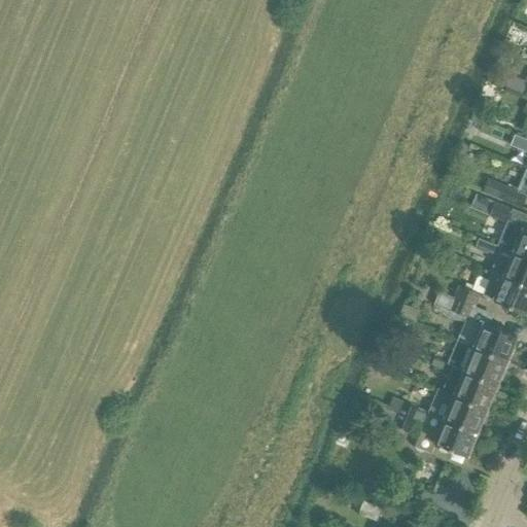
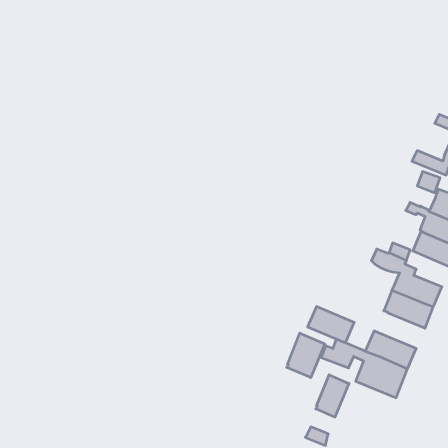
building: [445,365,499,408] -> [308,307,354,343]
building: none -> [287,333,325,378]
building: none -> [316,375,349,417]

